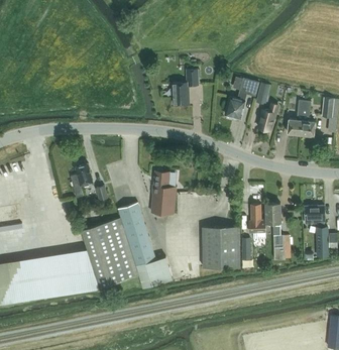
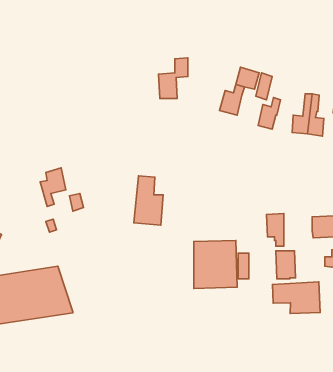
building: [79,203,172,289] -> none
building: [248,205,265,234] -> none
building: none -> [273,282,320,313]

